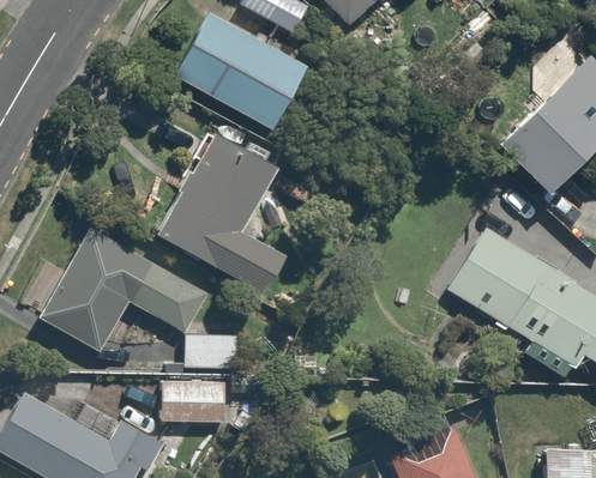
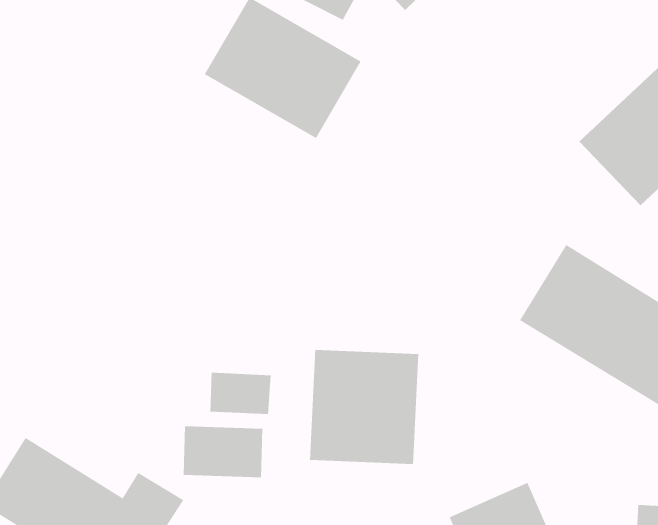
building: [157,125,285,295] -> none
building: [40,225,203,351] -> none
building: none -> [310,349,419,465]

